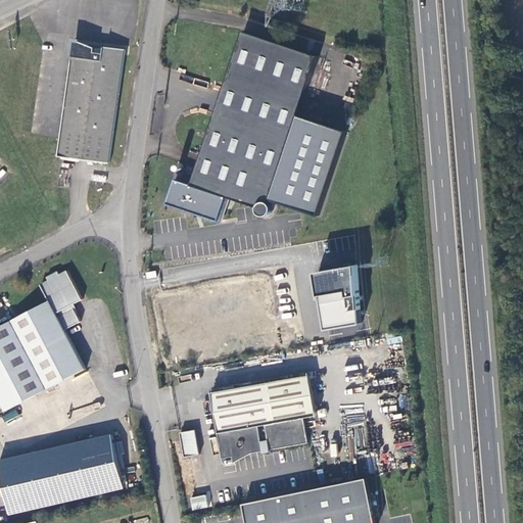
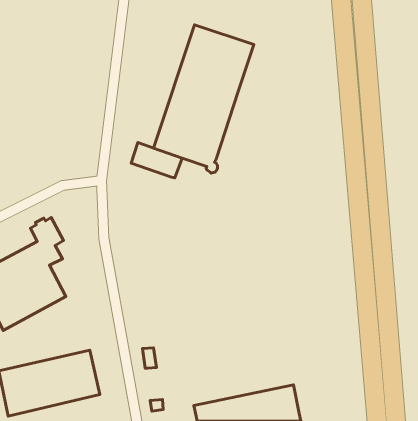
building: [56,42,123,163] -> none
building: [268,113,345,216] -> none
building: [305,267,352,331] -> none
building: [210,375,315,462] -> none

